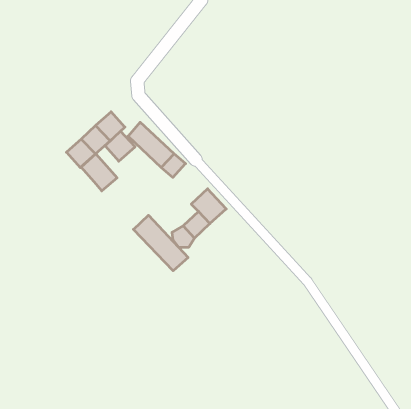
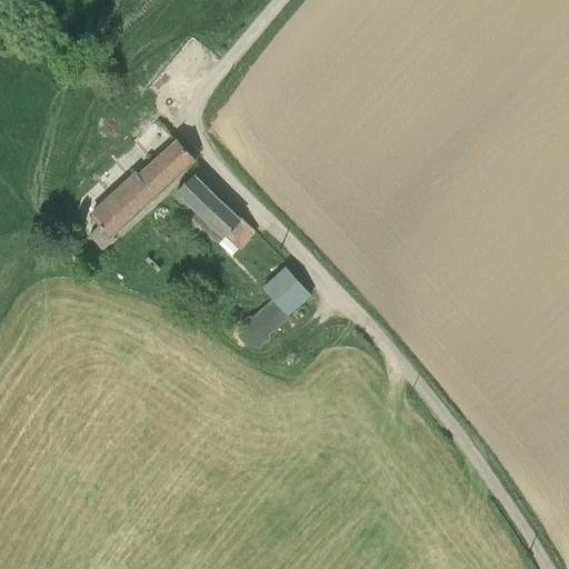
building: [105,131,135,161] -> [152,140,193,181]
building: [81,154,117,191] -> none
building: [133,215,188,271] -> none

